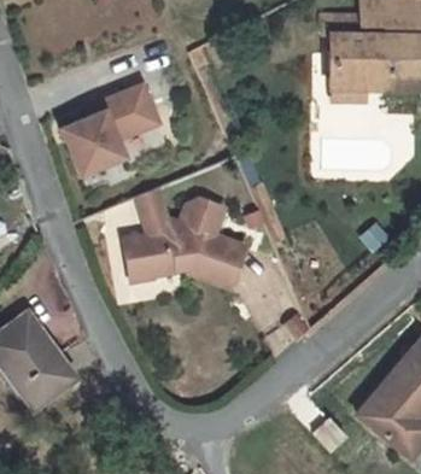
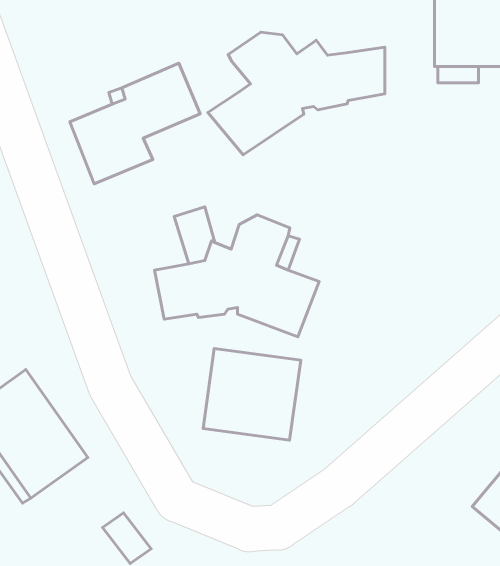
building: none -> [208,32,385,155]
building: none -> [203,349,301,440]

